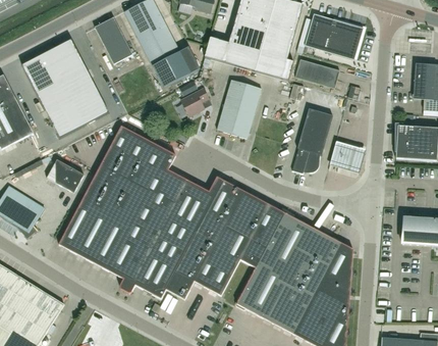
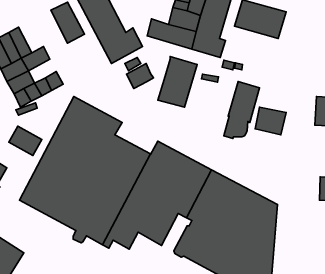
building: [57,38,86,75] -> none
building: [294,58,339,87] -> none
building: [68,82,100,109] -> none

